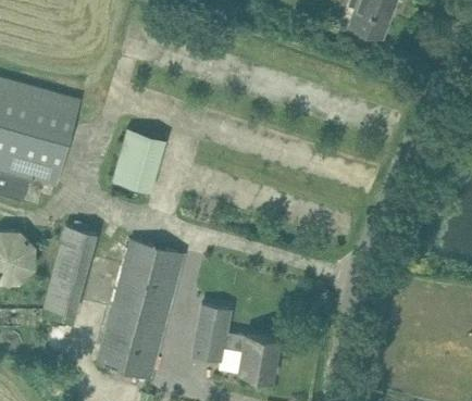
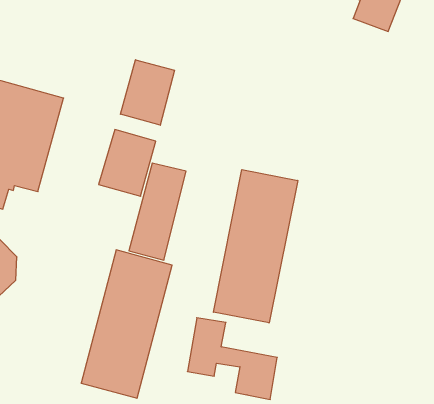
building: none -> [120,60,175,125]
building: none -> [213,170,298,323]
building: [44,227,97,317] -> [129,163,186,260]

